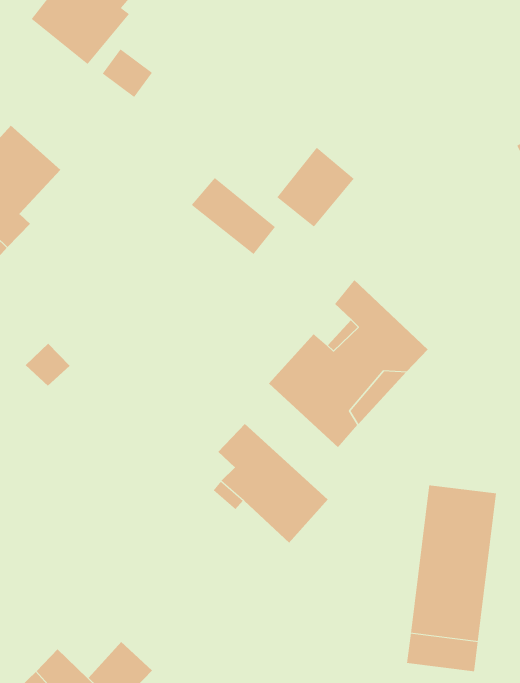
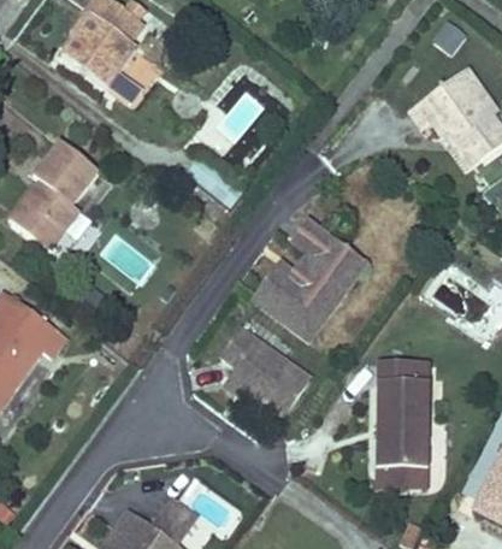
building: [276,147,355,227] -> none

